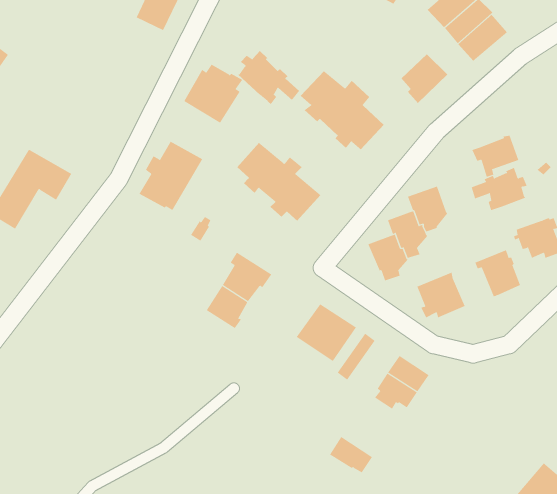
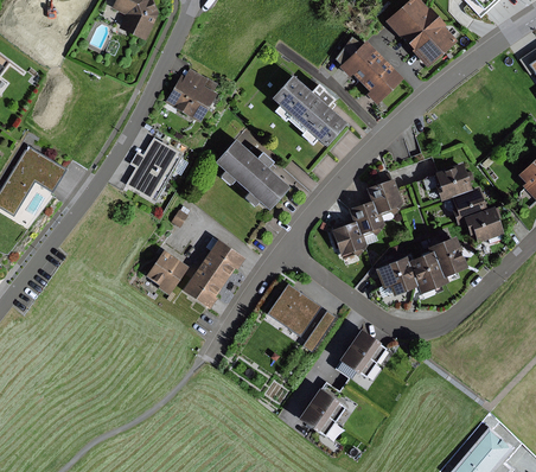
building: none -> [339,42,383,82]
building: [237,50,300,105] -> none
building: [472,135,519,178] -> [444,186,486,224]
building: none -> [145,249,187,294]
building: none -> [407,251,448,298]
building: none -> [306,388,344,421]

